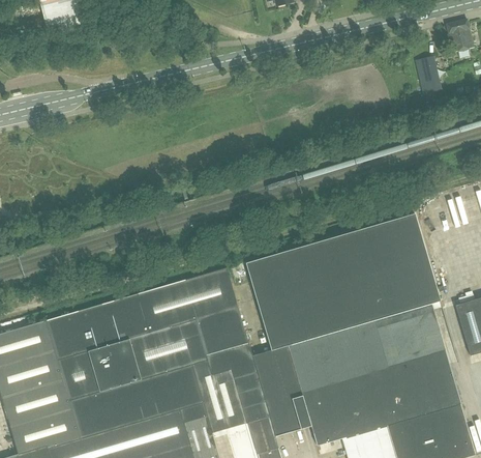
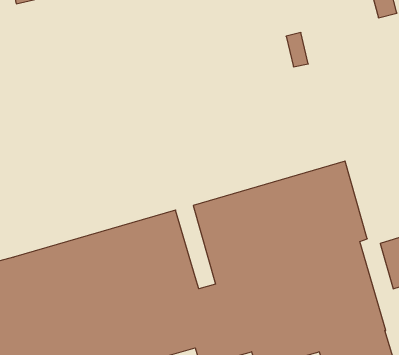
building: [417,55,442,93] -> [286,33,308,67]

